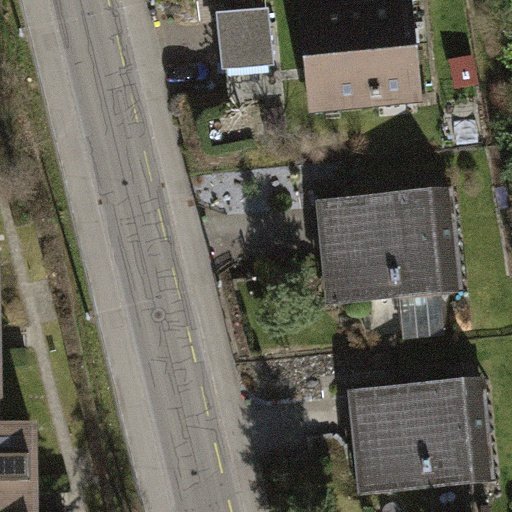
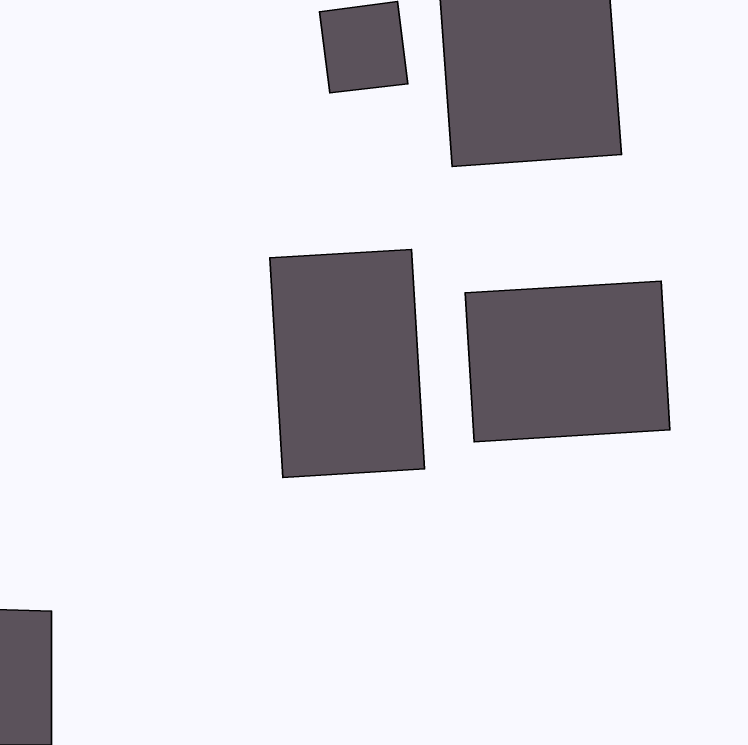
building: none -> [270,249,425,478]
building: [349,378,491,495] -> none

